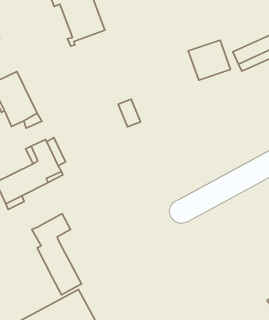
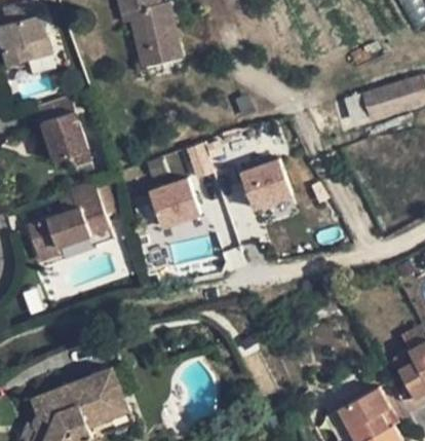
building: [188,40,231,80] -> [253,167,301,212]
building: none -> [158,183,207,229]
building: [32,214,81,295] -> none

